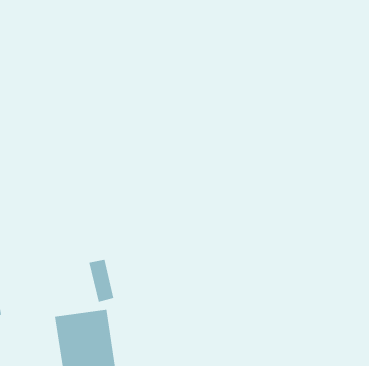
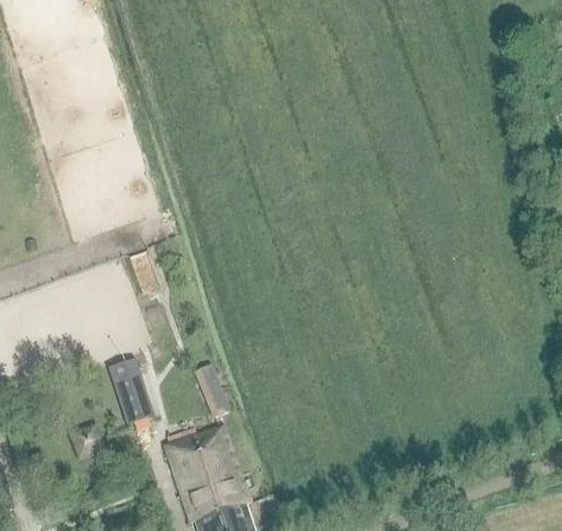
building: none -> [109,358,158,424]

